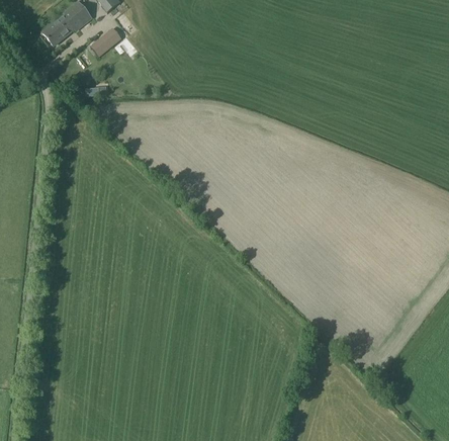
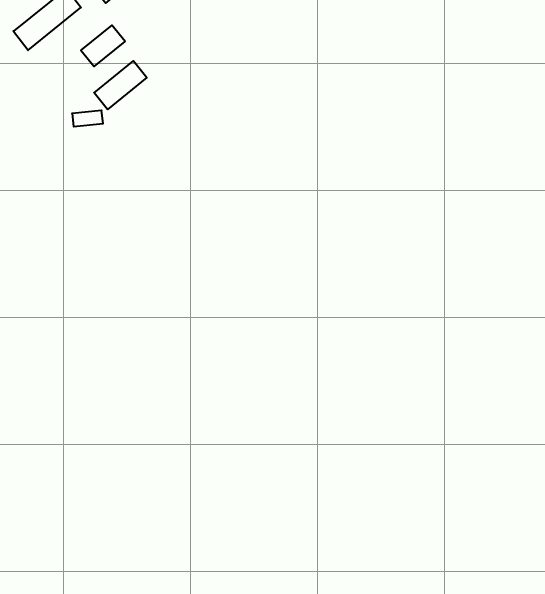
building: none -> [94,61,147,109]

